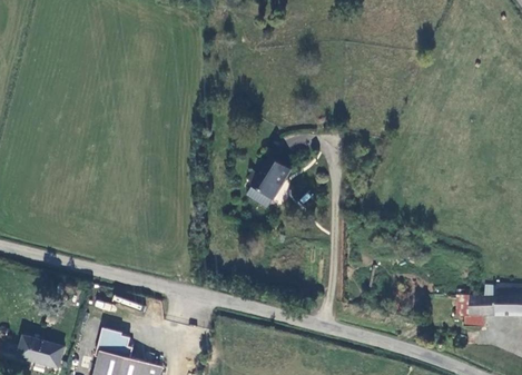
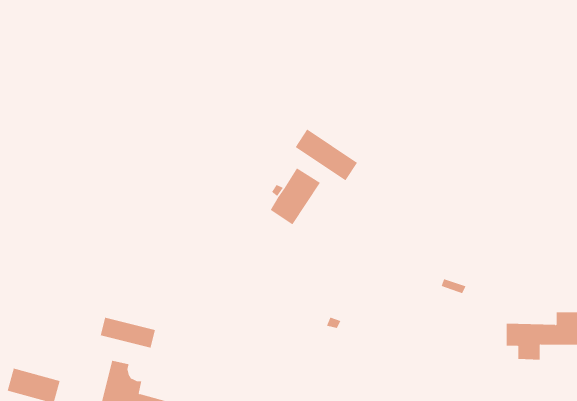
building: none -> [295,129,358,181]
building: none -> [100,317,155,348]

